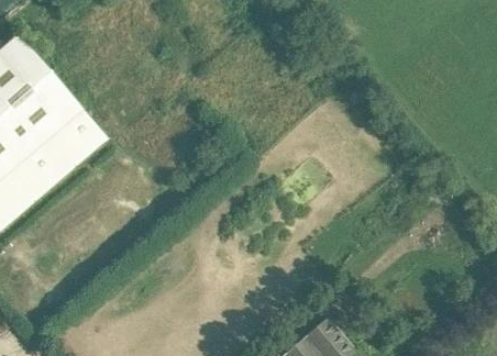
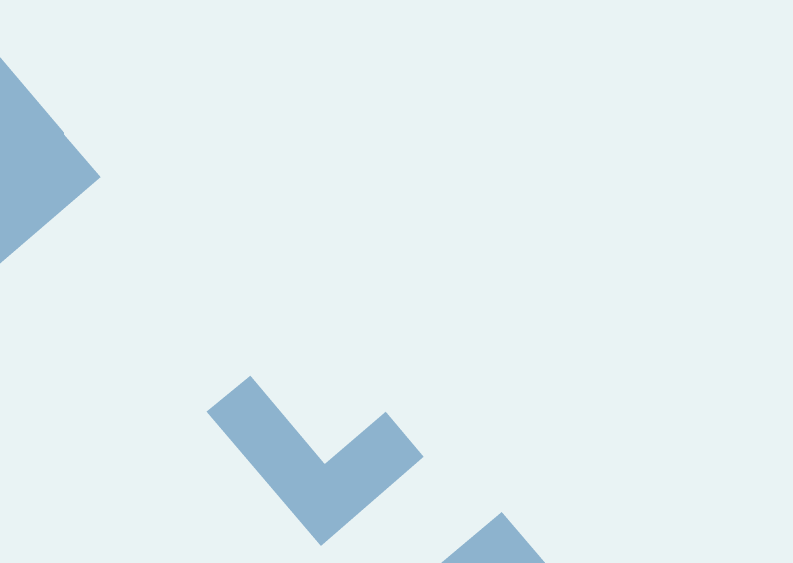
building: none -> [206,374,425,547]

